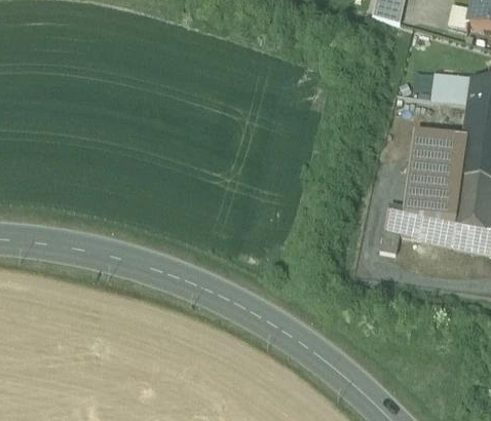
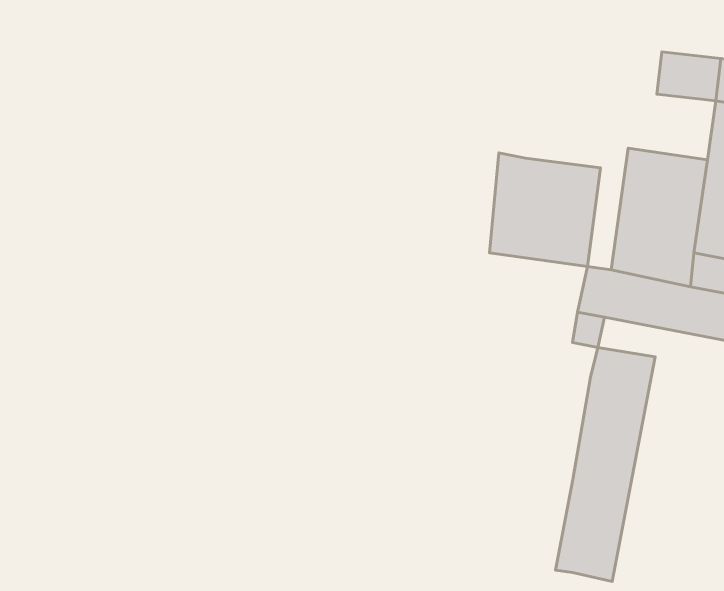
building: none -> [490,153,601,266]
building: none -> [555,348,655,582]

